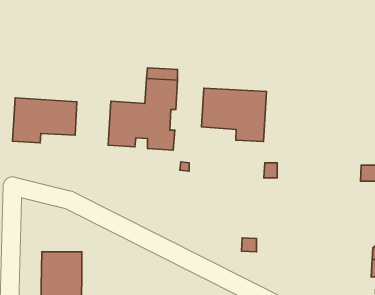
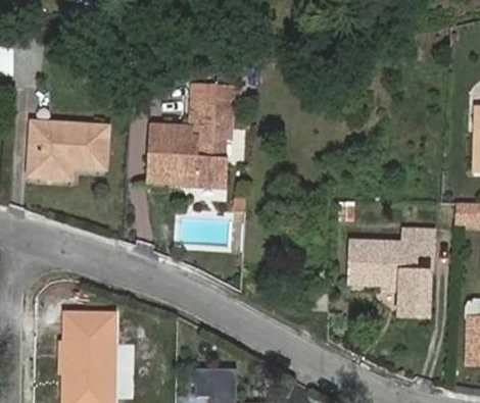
building: [201,88,267,142] -> none
building: none -> [348,231,432,317]

